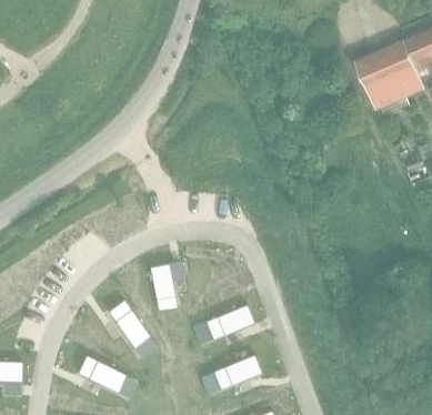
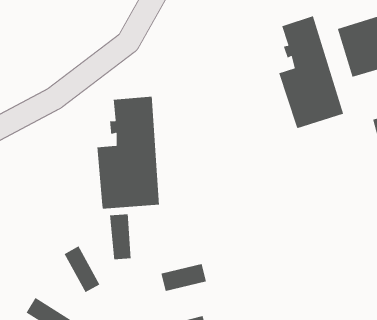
building: none -> [278,15,344,129]
building: none -> [97,96,160,209]

